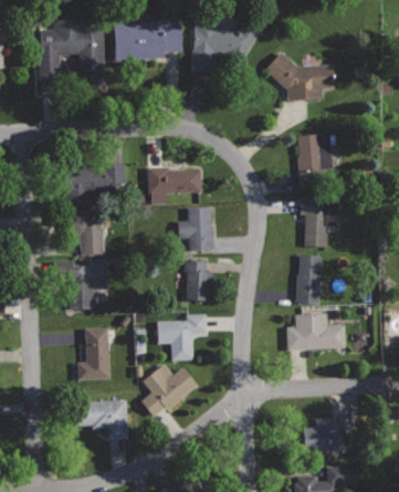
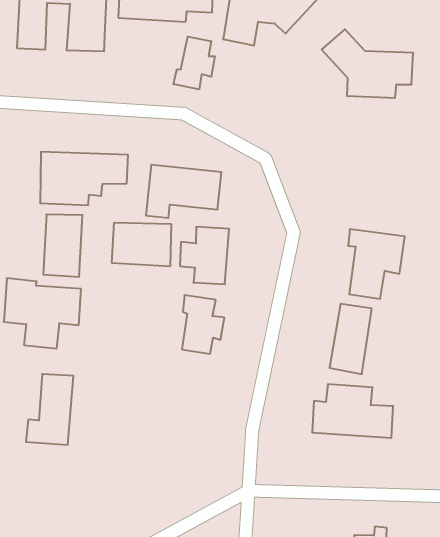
building: none -> [173,36,215,89]
building: [296,133,334,185] -> none
building: none -> [112,223,171,266]
building: [157,314,207,362] -> none
building: [140,362,200,416] -> none
building: [75,401,127,439] -> none

